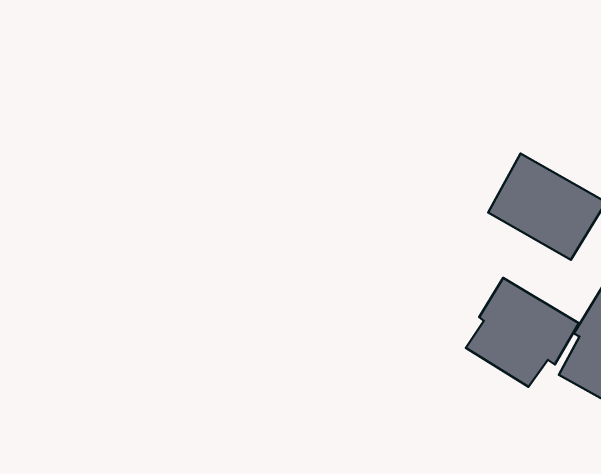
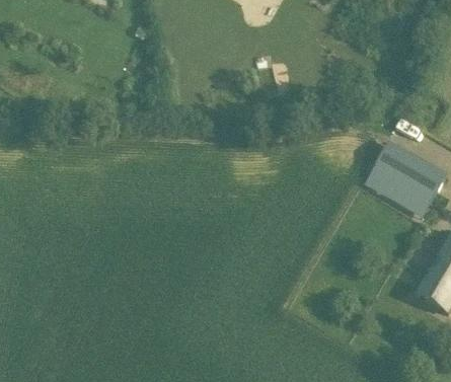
building: [466,278,579,387] -> none

